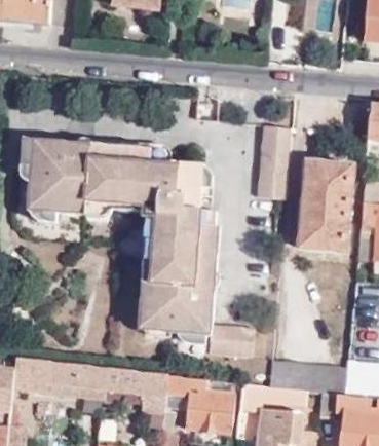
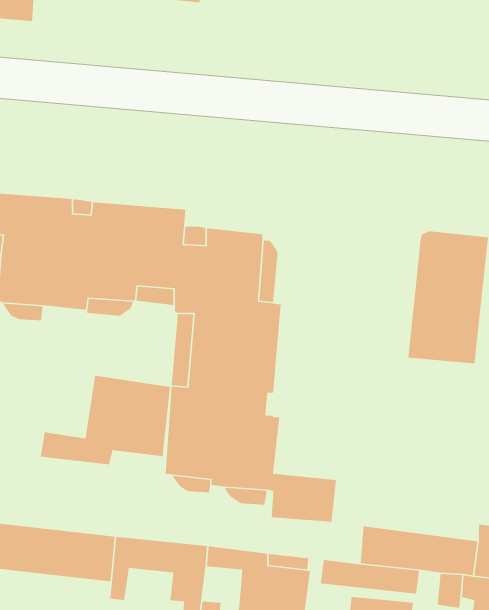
building: [257,126,293,199] -> none
building: none -> [40,375,171,465]

